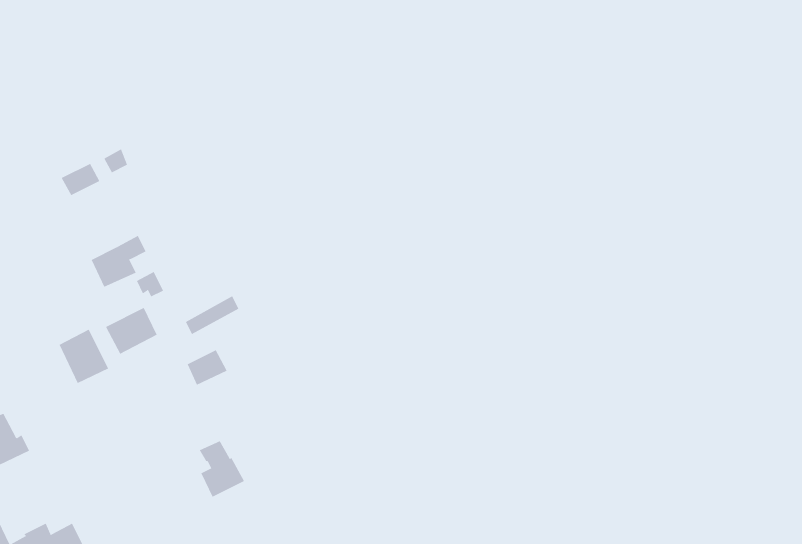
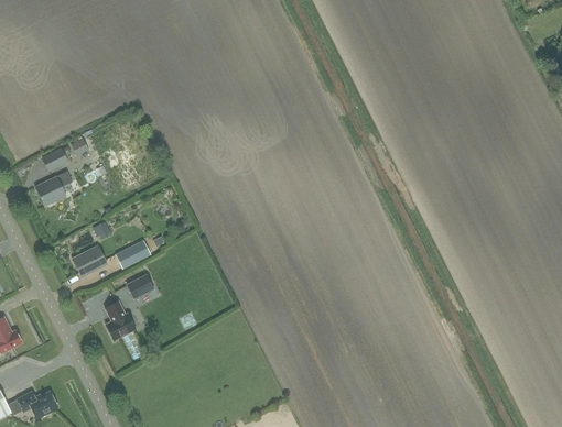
building: [91,235,146,287] -> [35,169,73,205]
building: [59,329,109,384] -> none
building: [199,440,245,498] -> [105,300,136,339]

